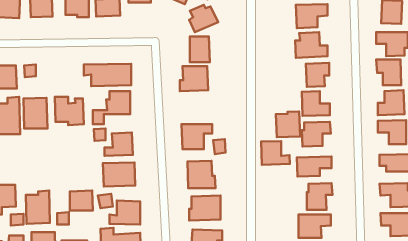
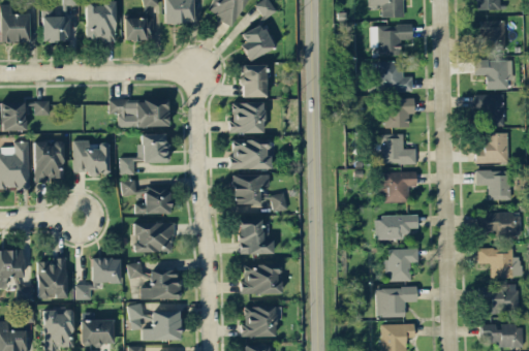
building: none -> [229,139,271,170]
building: [276,111,300,137] -> none
building: [261,141,290,165] -> none

